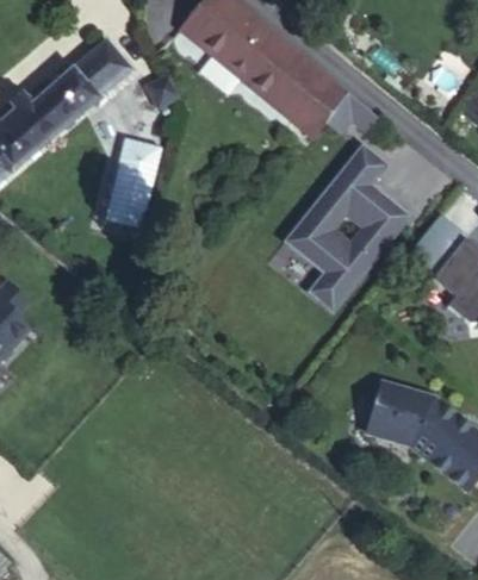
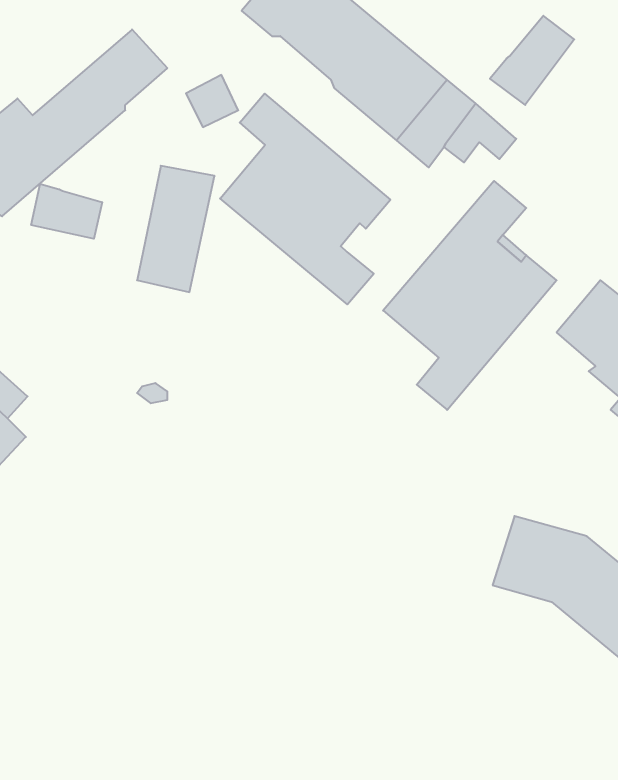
building: none -> [490,16,574,105]
building: none -> [220,94,390,304]
building: none -> [31,184,102,239]

